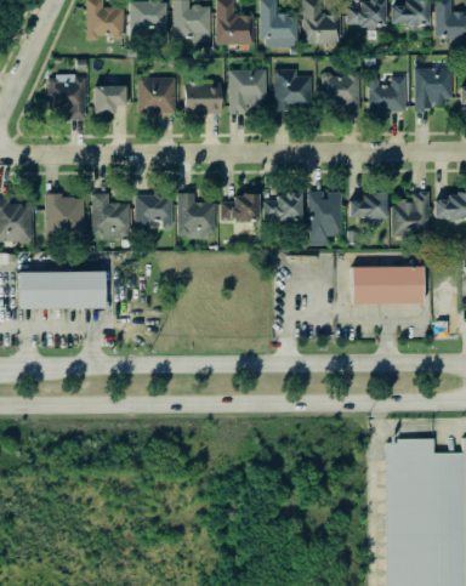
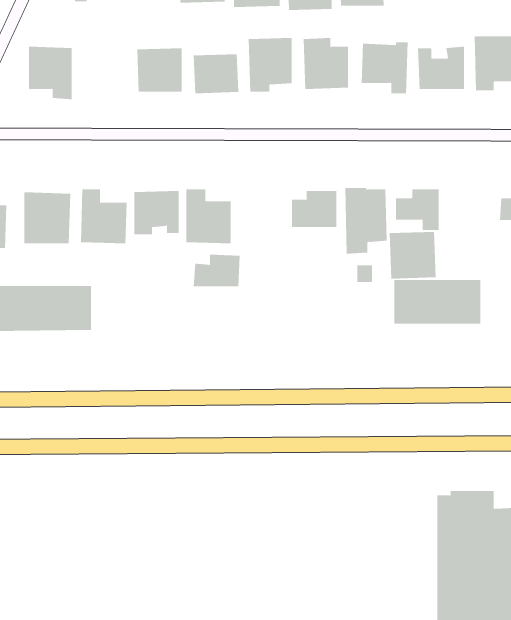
building: [93,85,126,114] -> none
building: [221,194,260,221] -> [193,254,240,287]
building: [392,198,431,237] -> [389,231,436,279]

